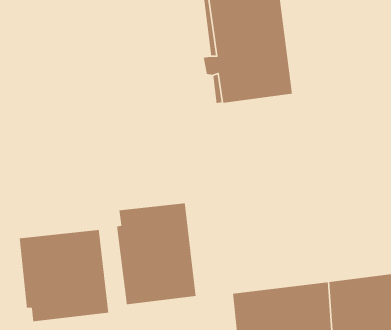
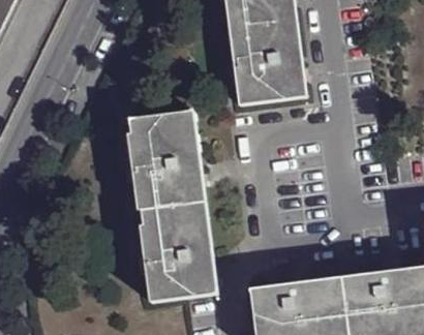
building: none -> [126,111,204,208]
building: [19,229,109,322] -> none

